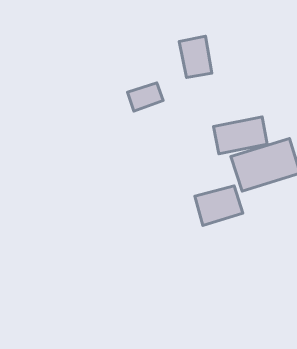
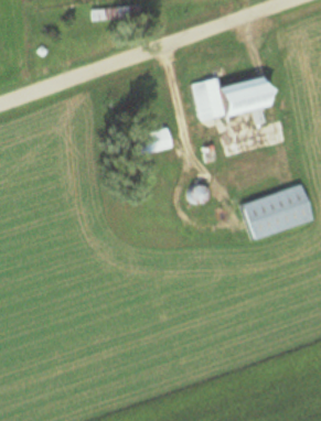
building: [214,117,267,154] -> [224,76,280,115]
building: [195,186,243,225] -> none

